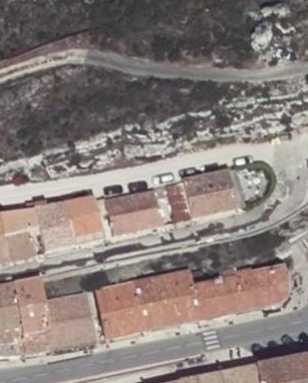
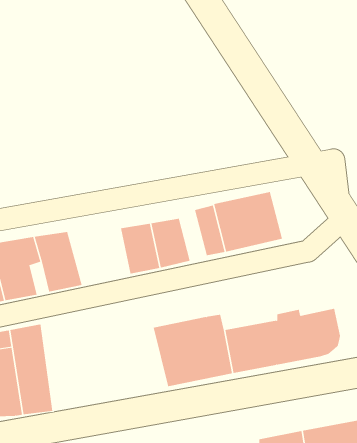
building: [61,197,104,246] -> none
building: [94,281,143,339] -> none
building: [42,291,95,350] -> none

